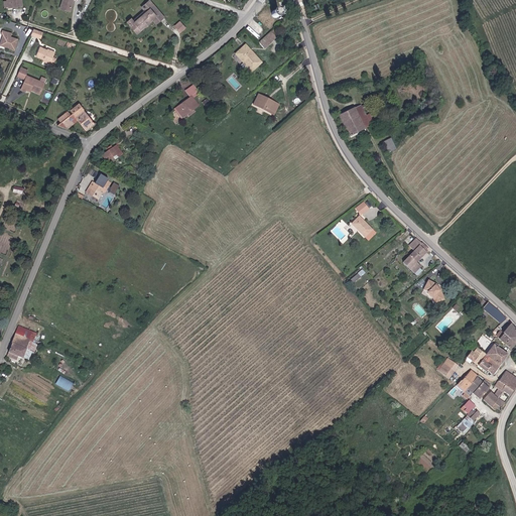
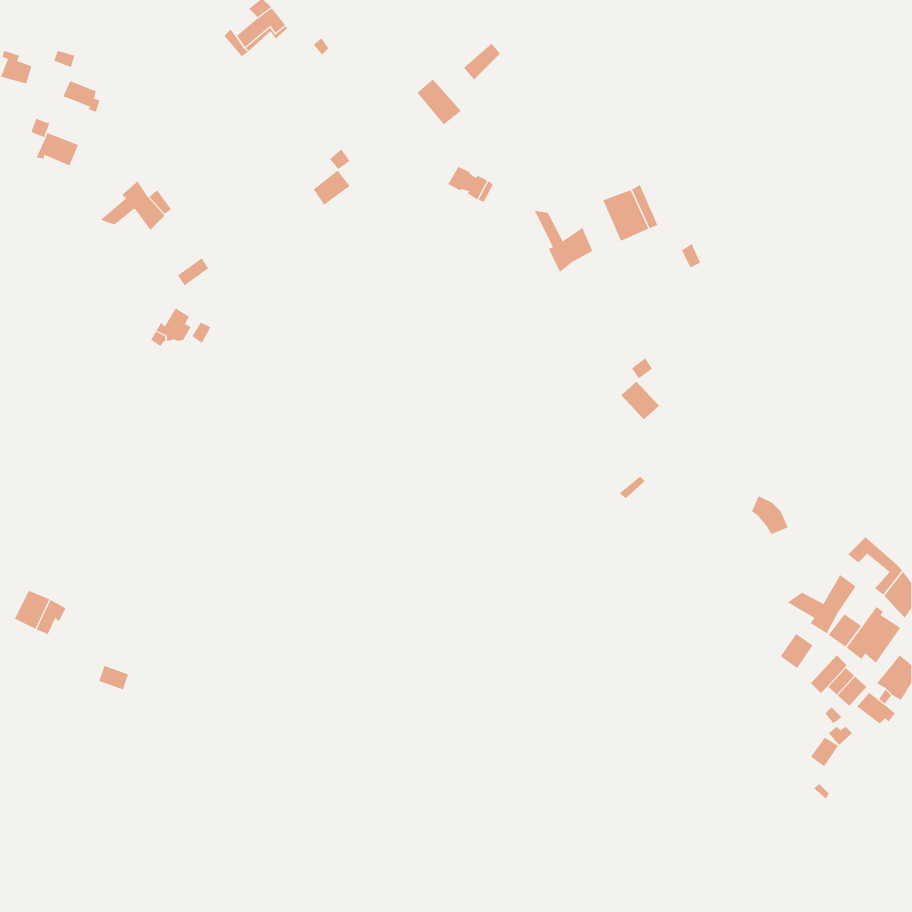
building: none -> [534,210,593,273]
building: [402,237,428,275] -> none
building: none -> [787,574,856,634]

